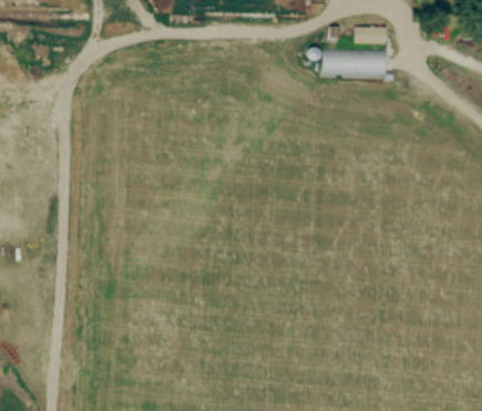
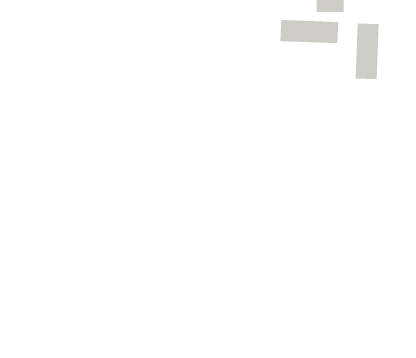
building: none -> [355,23,379,80]

